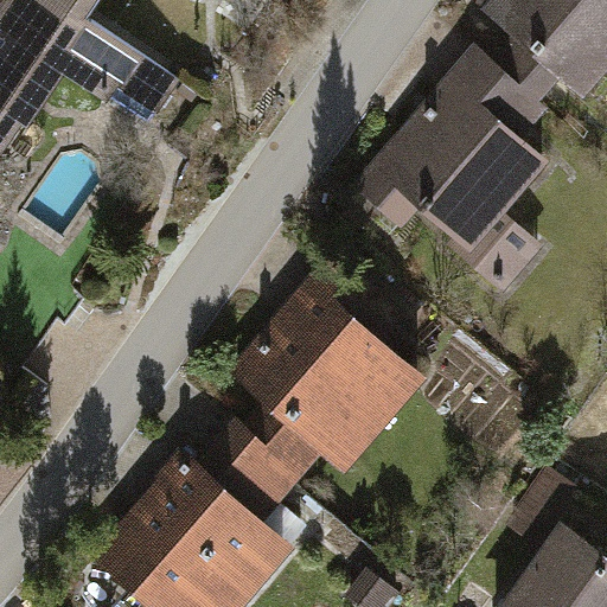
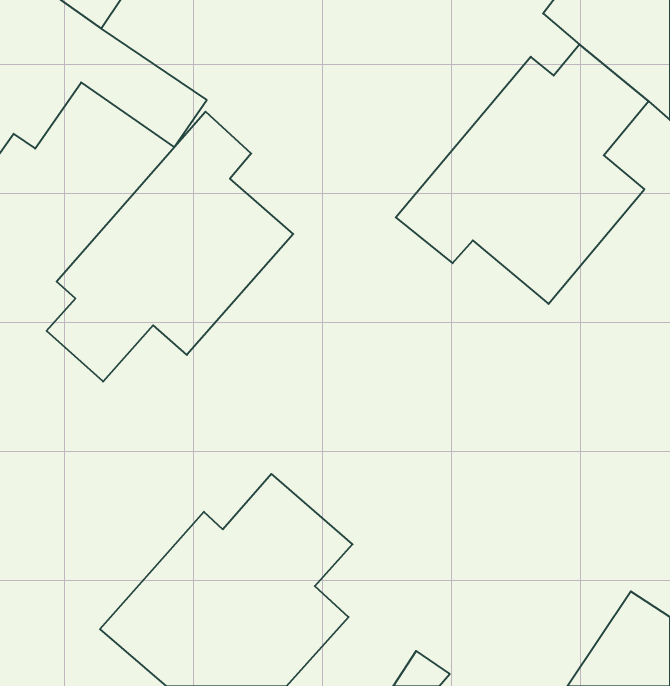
building: none -> [47,112,293,382]
building: [225,266,441,479] -> none

